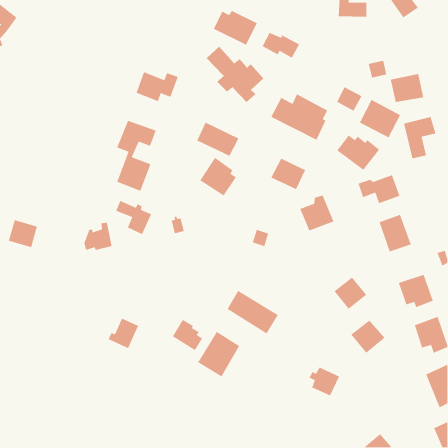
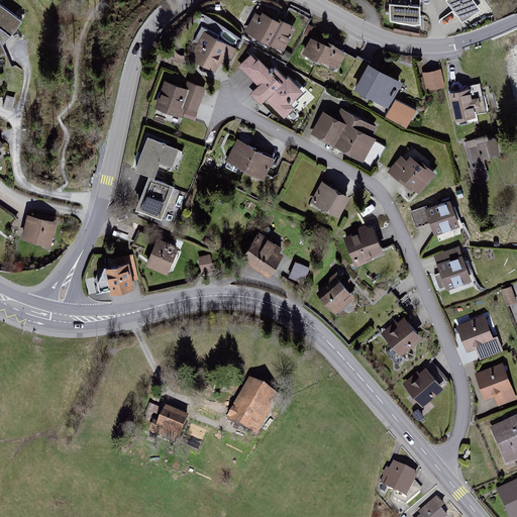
building: none -> [190,26,235,72]
building: [359,99,401,139] -> [353,63,402,108]
building: [199,157,237,196] -> [240,232,284,278]
building: [8,219,38,248] -> [21,214,56,247]
building: none -> [319,279,355,314]
building: [226,290,279,334] -> none
building: [108,318,139,349] -> [148,406,185,442]
building: [172,319,203,351] -> none
building: [308,367,340,396] -> [381,463,417,498]

